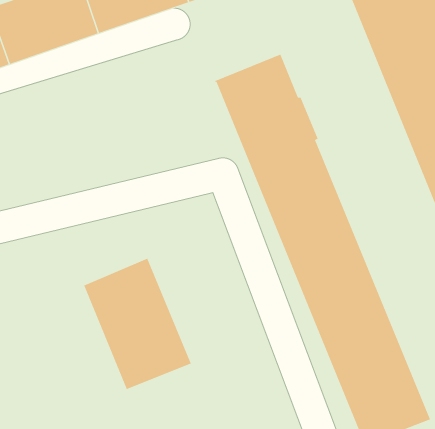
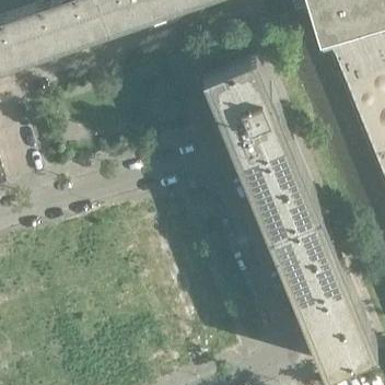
building: [84,258,191,390] -> none

